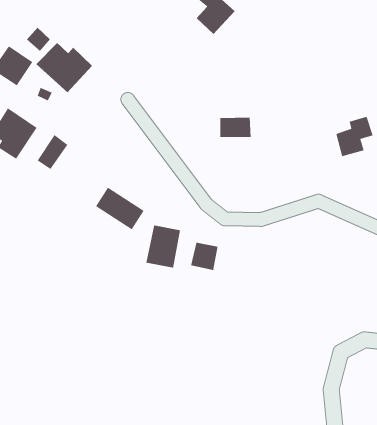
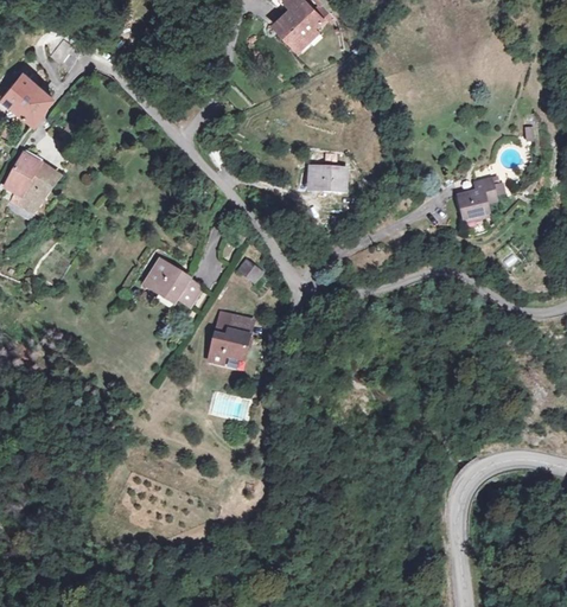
building: [36,42,93,93] -> none
building: [37,134,68,170] -> none
building: [191,242,218,271] -> none

